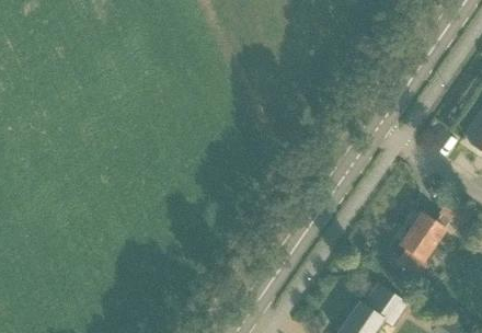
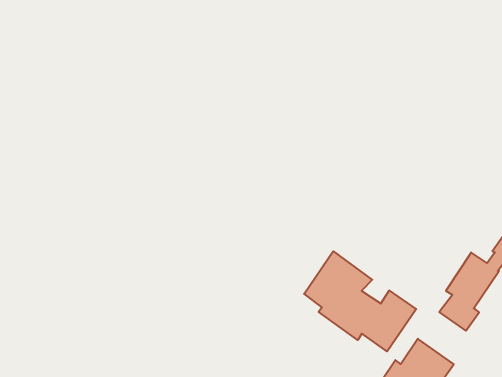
building: none -> [304,251,416,351]

